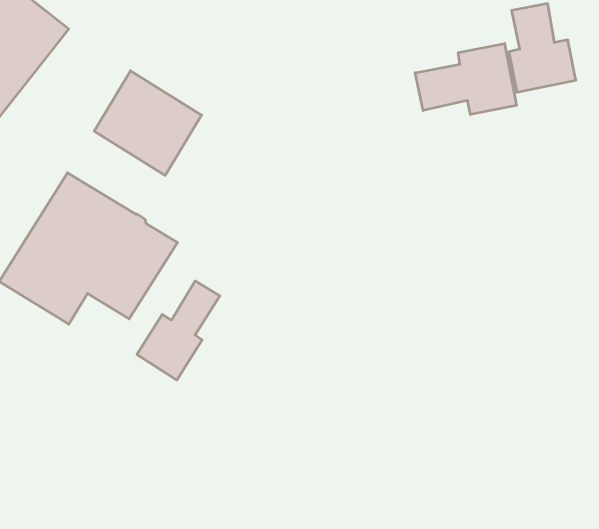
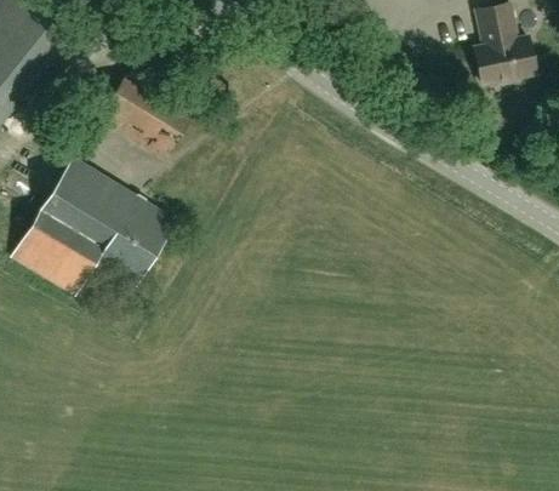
building: [415,43,517,115] -> none
building: [137,281,220,380] -> none

